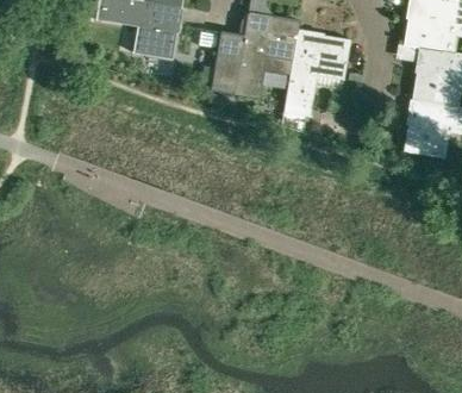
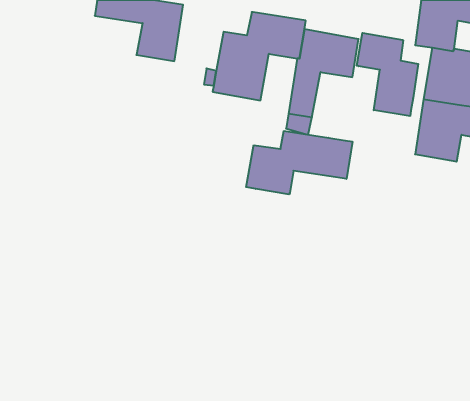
building: none -> [357,33,418,116]
building: none -> [246,131,352,194]

